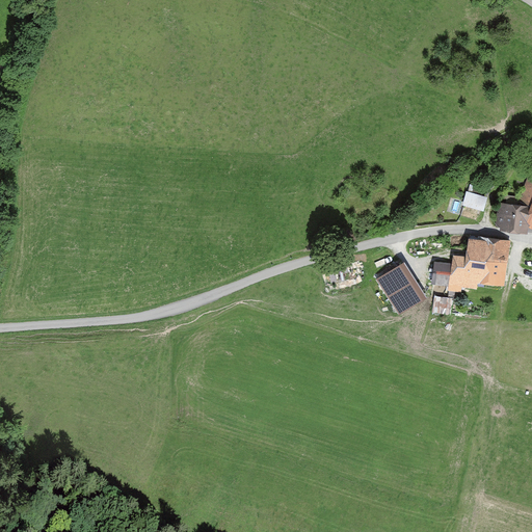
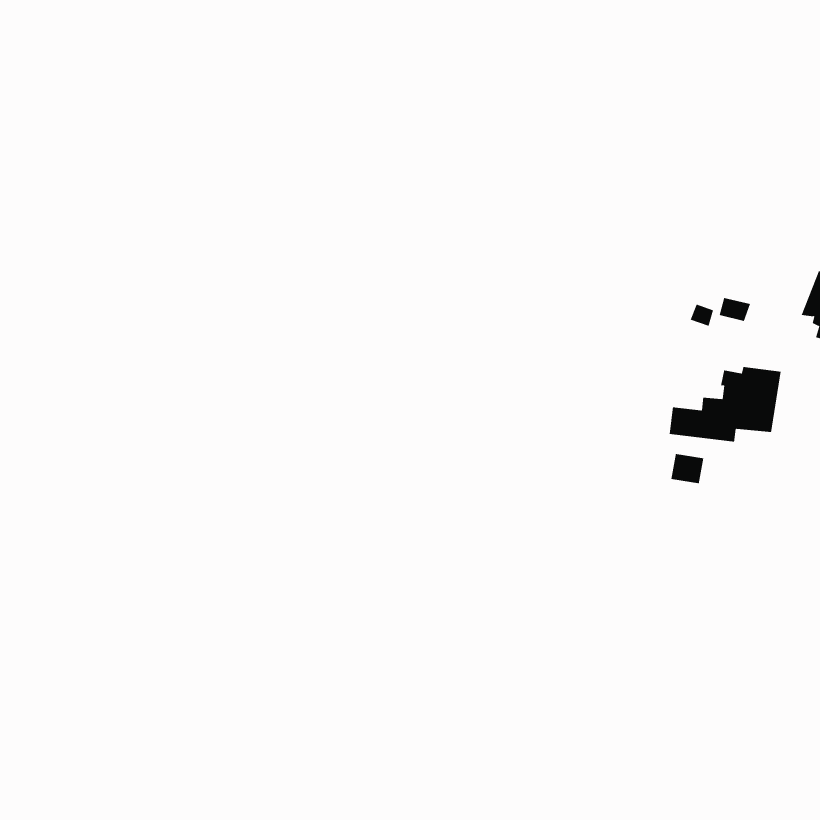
building: [498,203,525,228] -> none
building: [380,266,425,313] -> none

